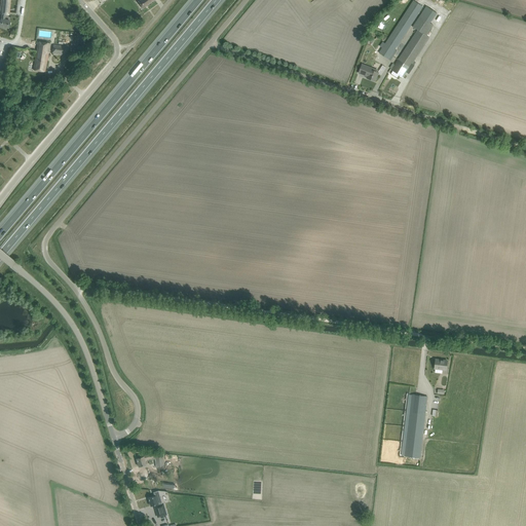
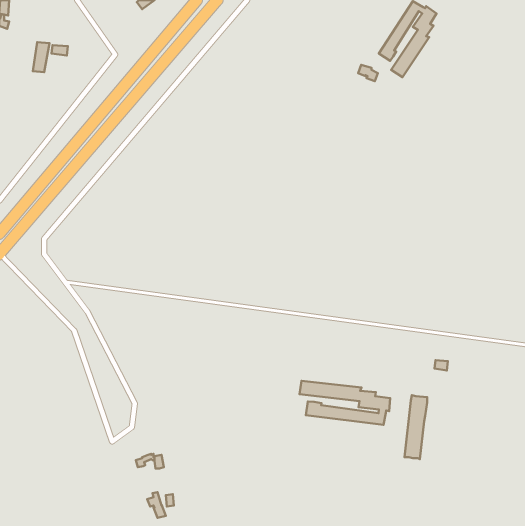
building: none -> [300,381,390,425]

